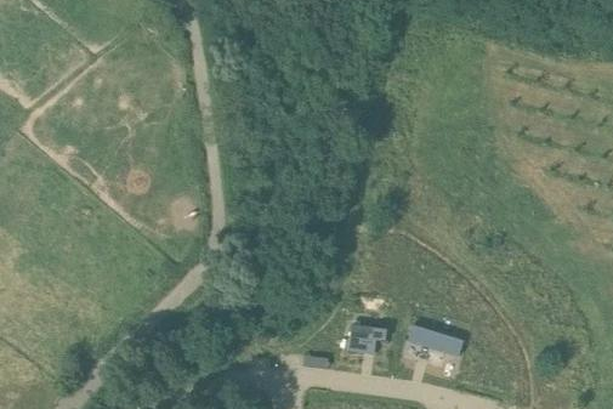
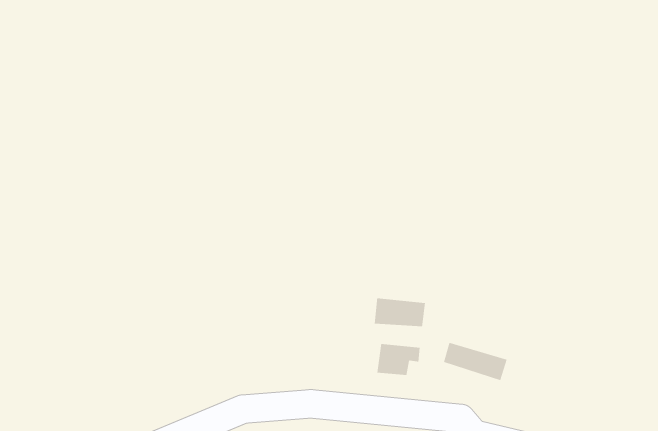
building: none -> [374,298,425,327]

